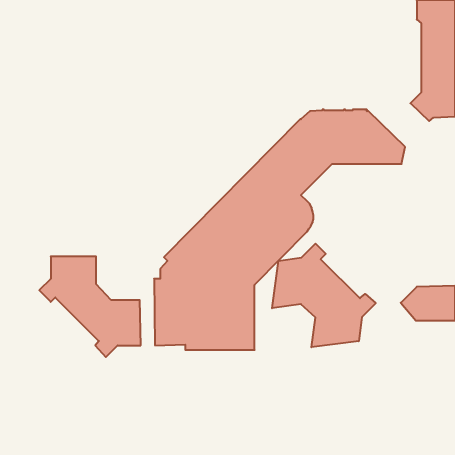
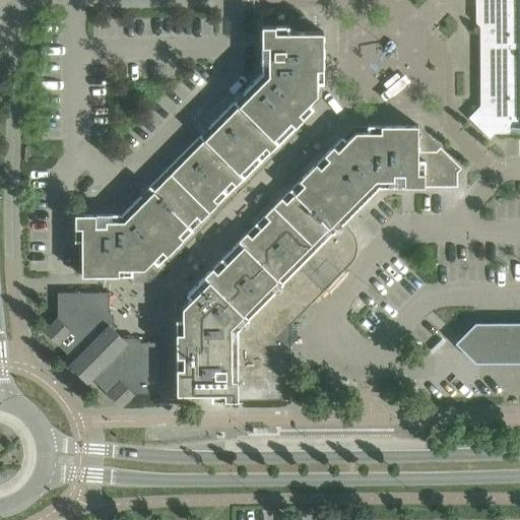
building: none -> [75,25,324,275]
building: [272,244,376,347] -> none

